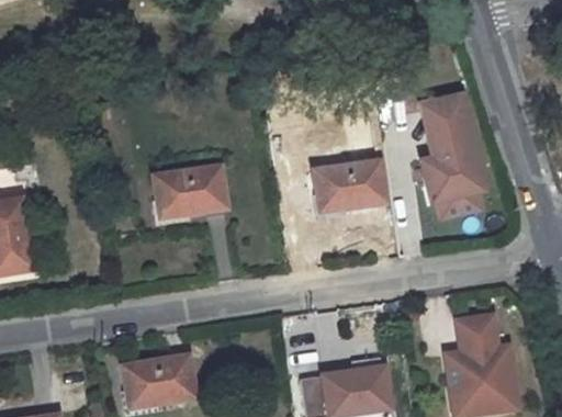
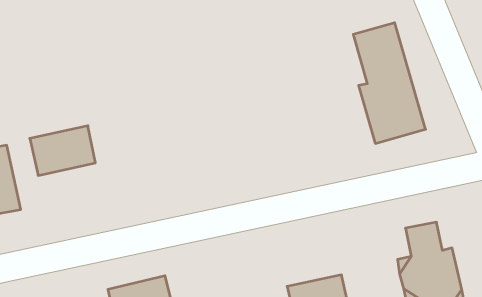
building: [315,159,387,211] -> none
building: [155,166,226,217] -> [30,126,95,175]

